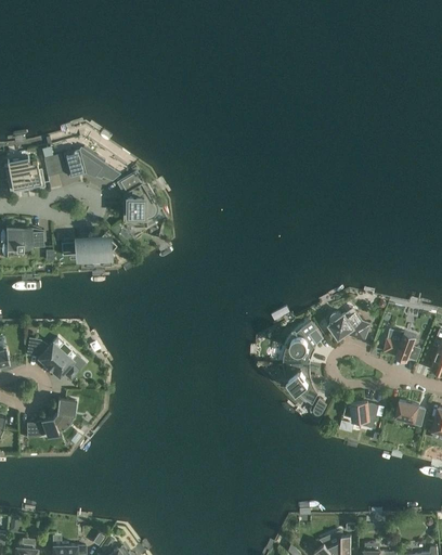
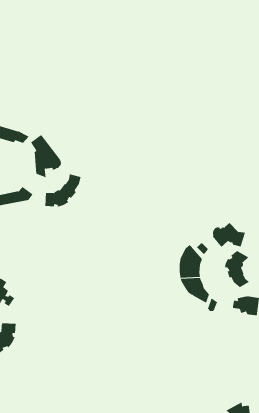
building: none -> [45,173,81,207]
building: none -> [224,250,250,288]

